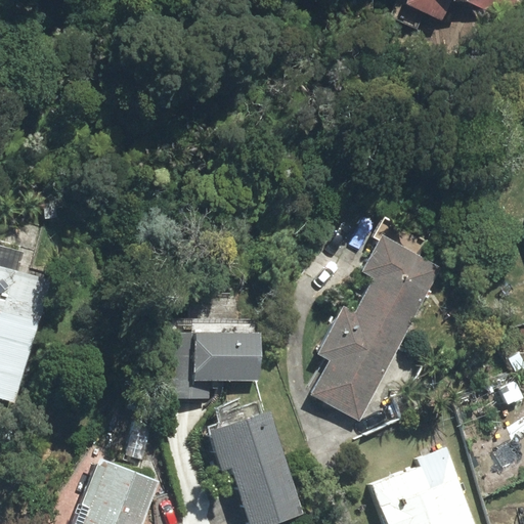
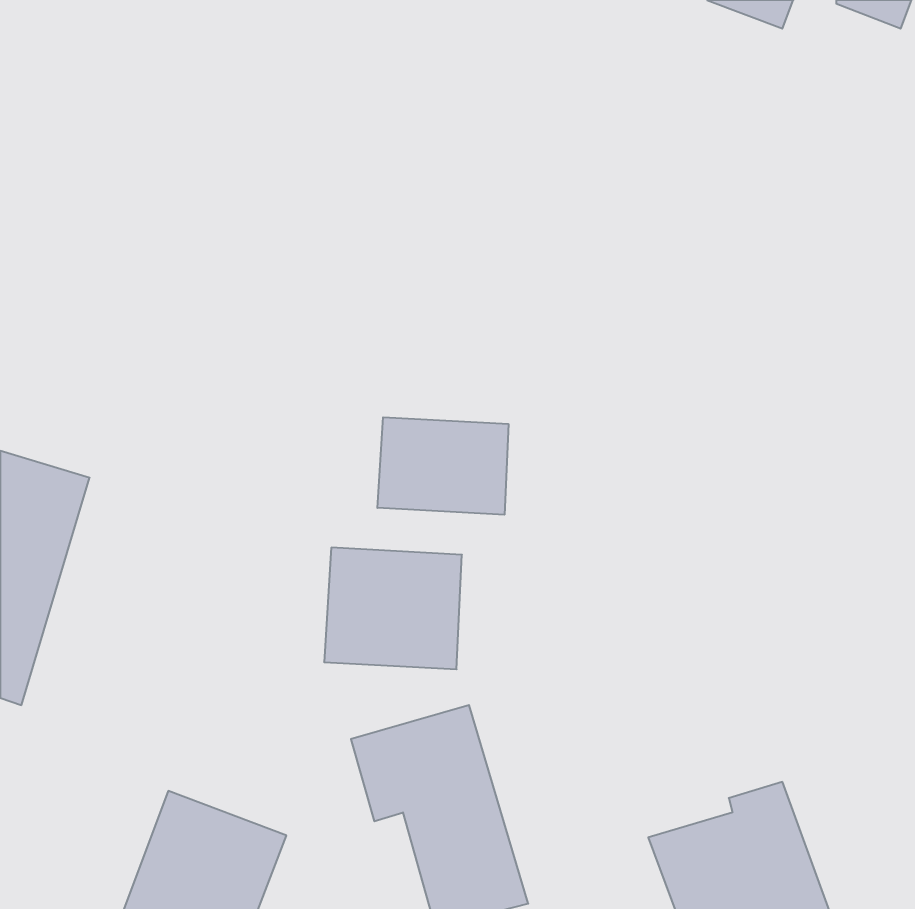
building: [308,232,444,424] -> none
building: none -> [377,417,508,515]

